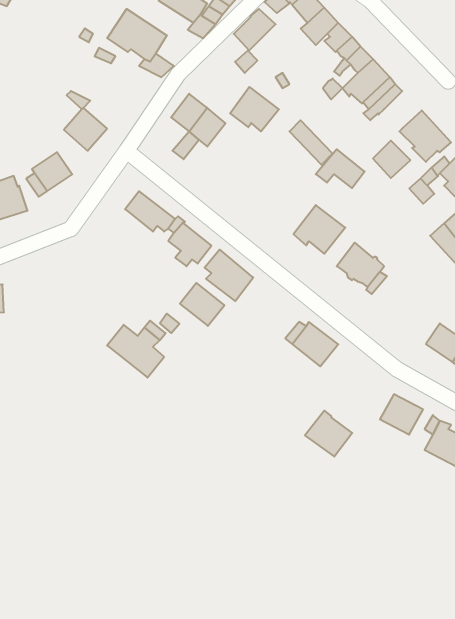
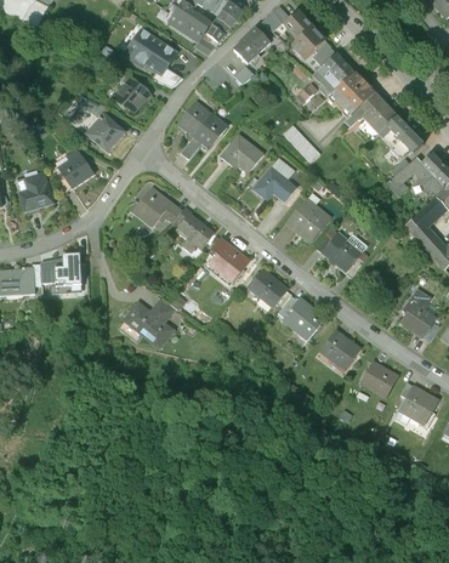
building: none -> [112,76,149,110]
building: [230,87,279,131] -> [221,133,263,172]
building: [373,141,410,178] -> [364,98,397,131]
building: [316,149,365,188] -> [252,167,295,201]
building: none -> [53,255,80,284]
building: [180,283,224,326] -> [249,271,288,308]
building: [305,411,352,457] -> [319,330,360,370]

